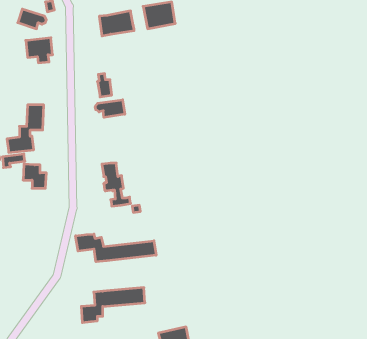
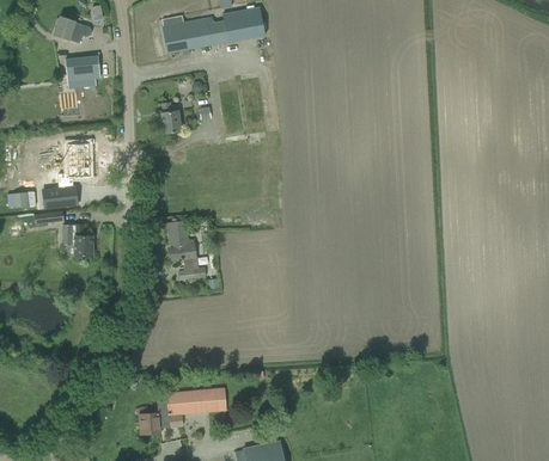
building: [95,100,125,117] -> none
building: [76,234,156,262] -> none

